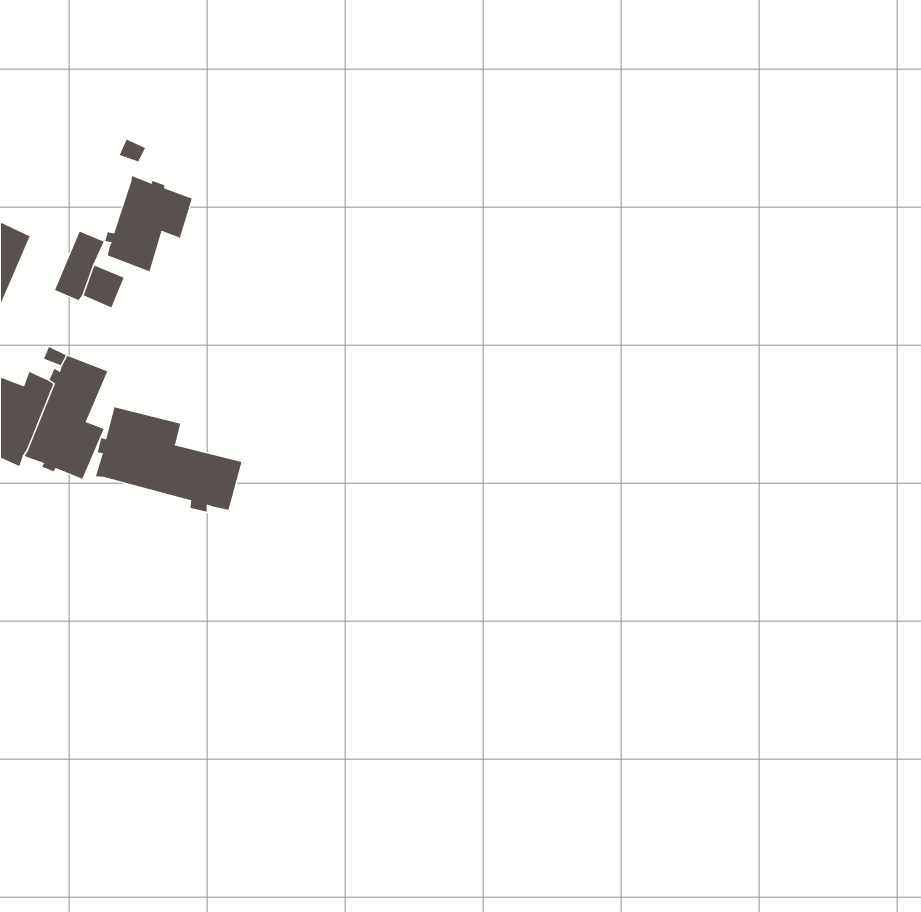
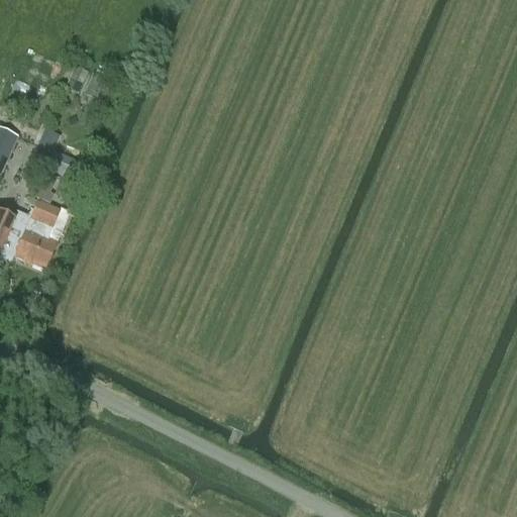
building: [105,175,192,272] -> none
building: [95,407,242,513] -> none

